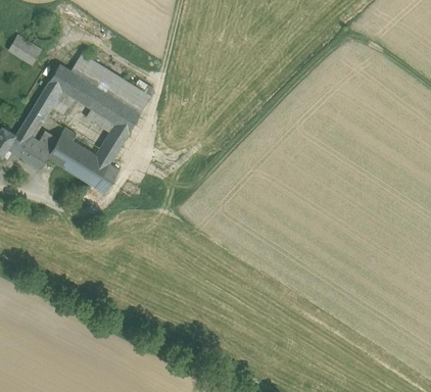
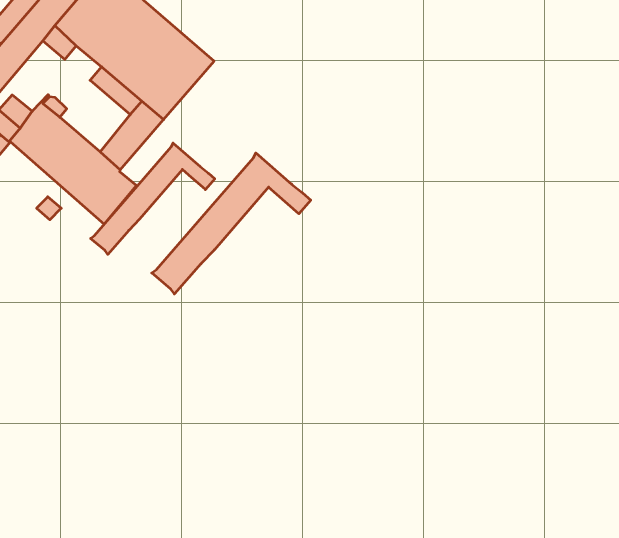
building: none -> [152,153,311,294]
building: none -> [91,143,215,254]

